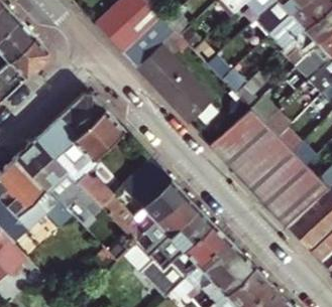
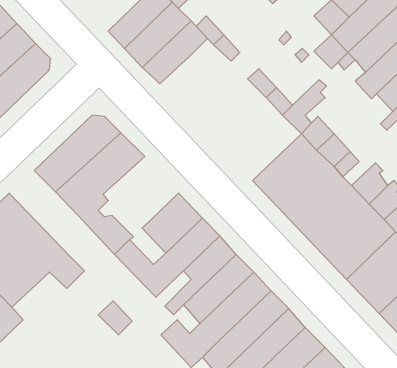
building: [136,46,214,125] -> none
building: [15,138,100,210] -> none

